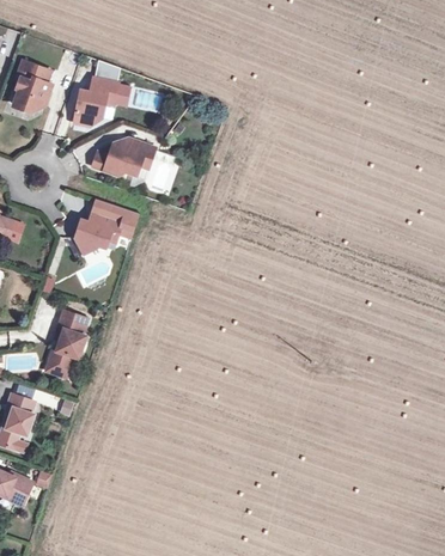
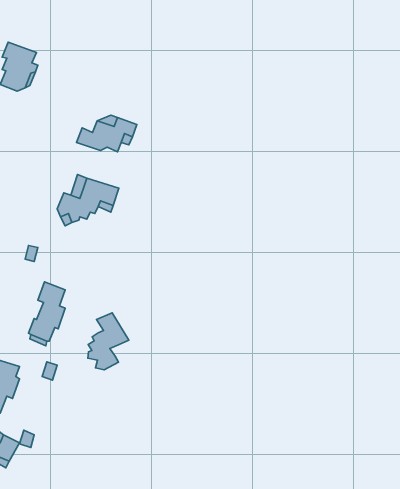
building: [77,78,121,126] -> none
building: none -> [88,313,129,370]

